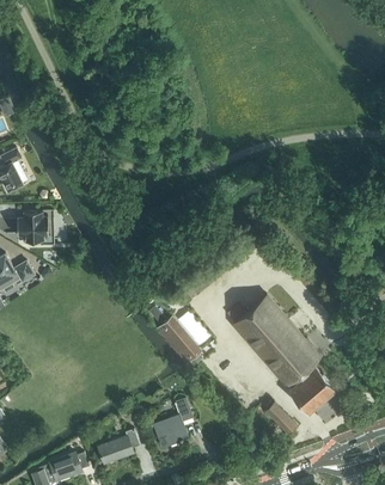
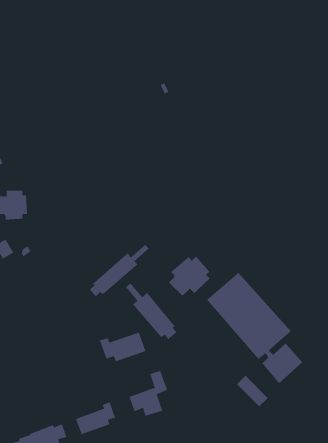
building: none -> [89,244,149,297]
building: none -> [168,256,211,297]
building: none -> [99,332,146,362]

